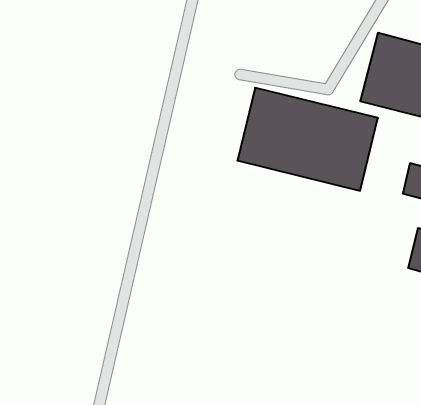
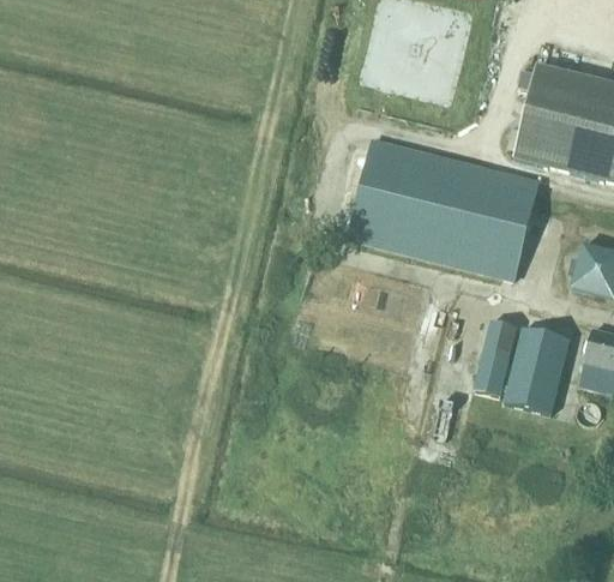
building: none -> [472,319,516,395]
building: none -> [502,326,567,413]

